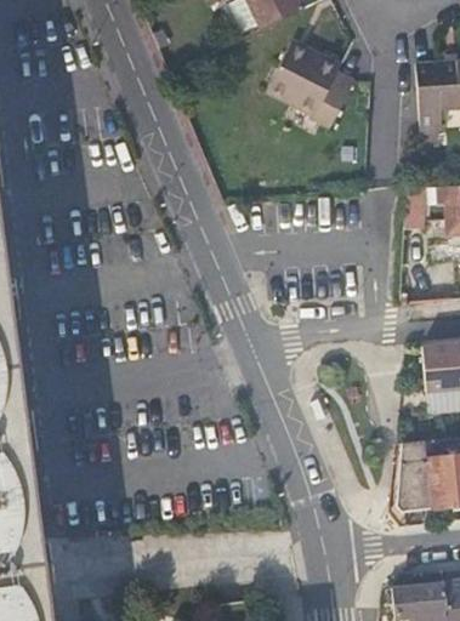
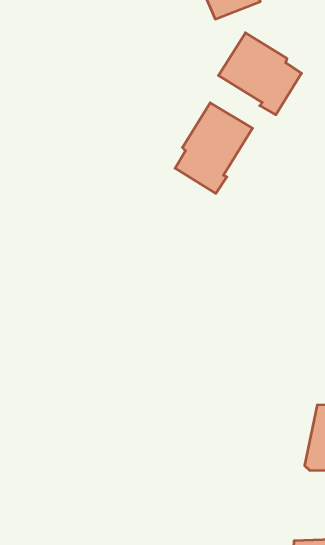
building: none -> [175,103,253,193]

